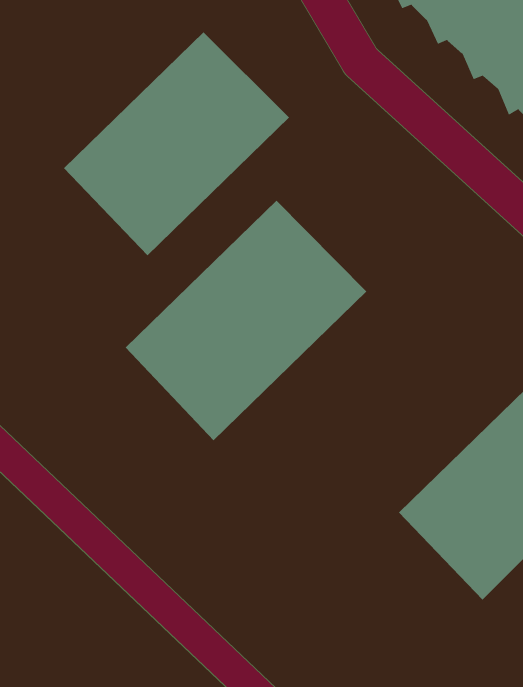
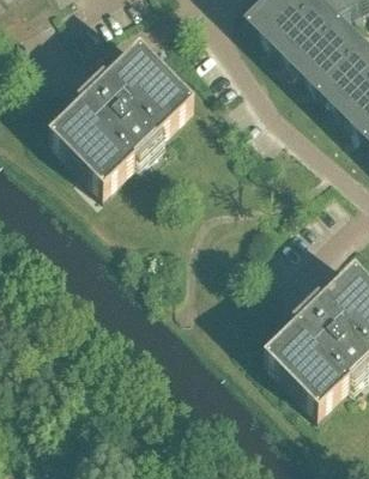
building: [125,200,367,441] -> none

